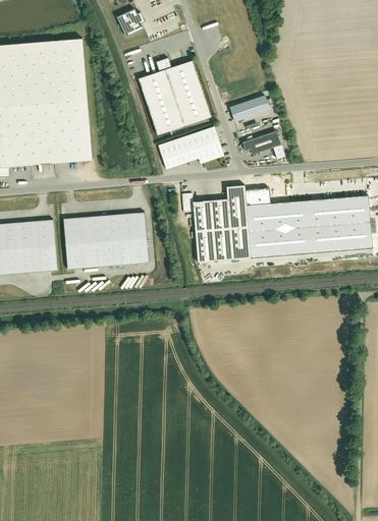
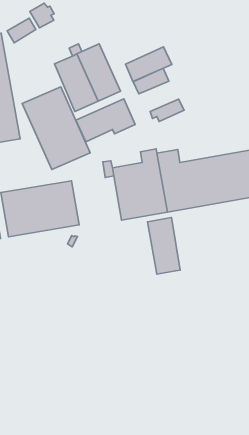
building: none -> [7,18,36,43]
building: none -> [125,47,172,82]
building: none -> [22,87,90,170]
building: none -> [147,218,180,274]

